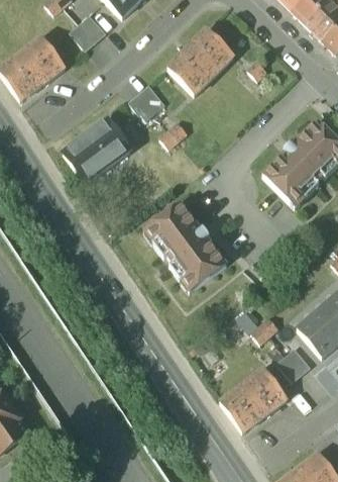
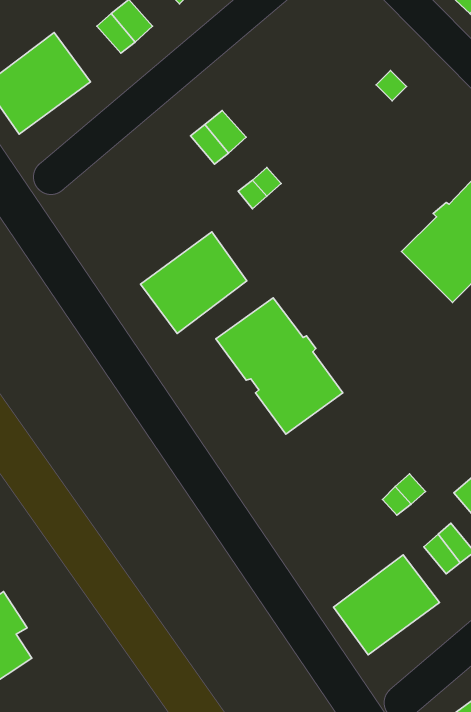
building: [167,27,234,94] -> none
building: [63,118,130,183] -> [141,232,247,333]

